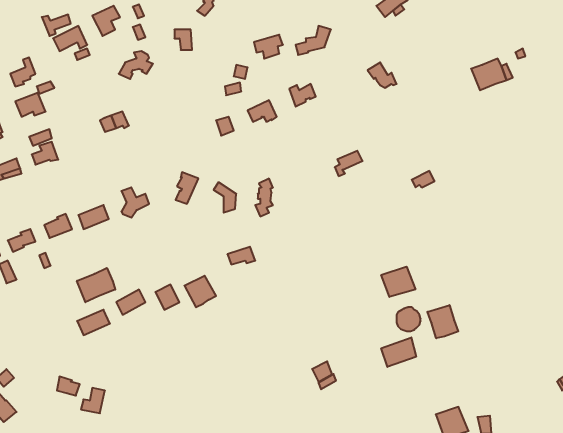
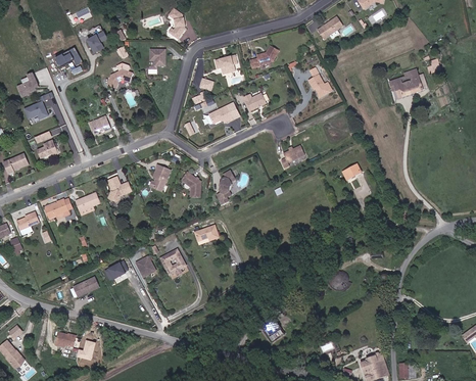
building: [381,267,415,297] -> none
building: [77,268,115,302] -> none
building: [427,305,458,338] -> none
building: [381,337,416,367] -> none

